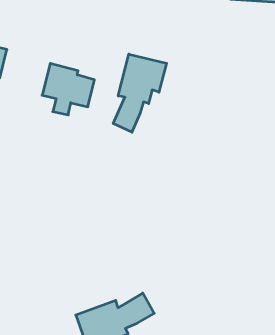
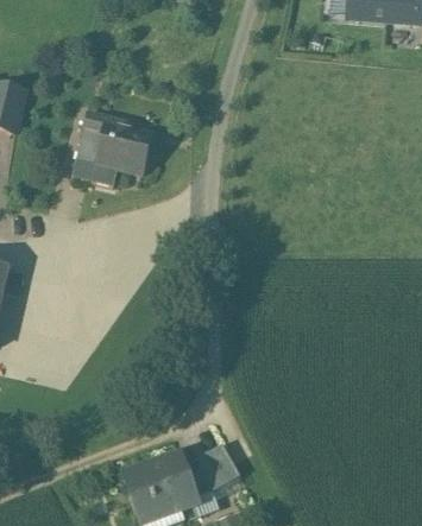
building: [113,54,167,132] -> none

